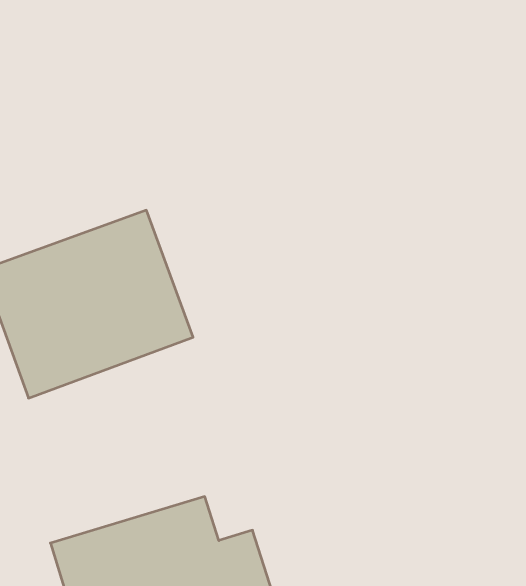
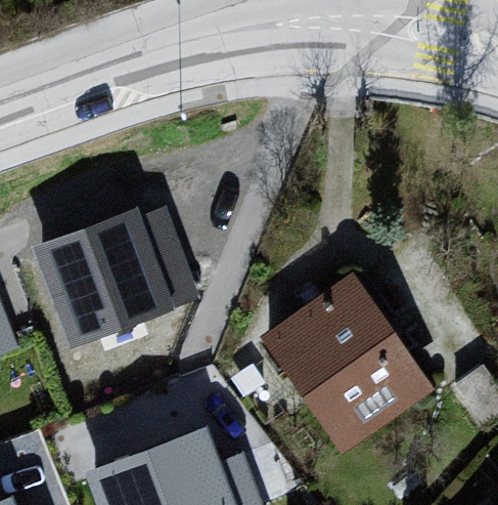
building: none -> [265,286,434,460]

